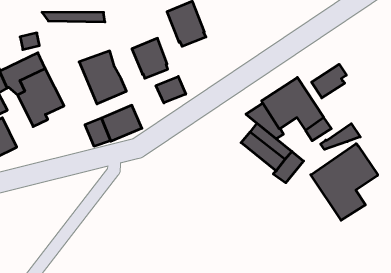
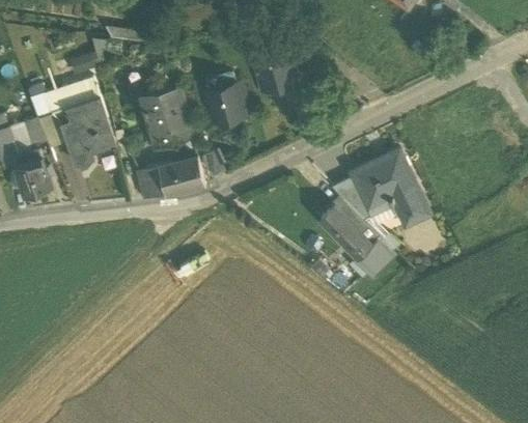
building: [312,64,346,98] -> none
building: [156,76,186,103] -> none
building: [321,124,360,149] -> none
building: [311,144,378,220] -> none

